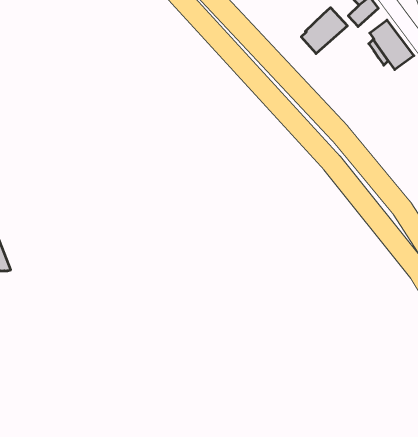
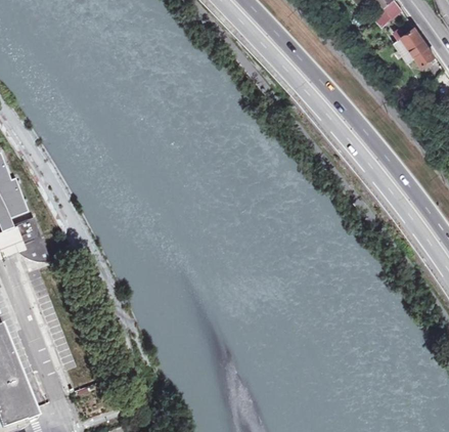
building: [301,8,347,54] -> none

